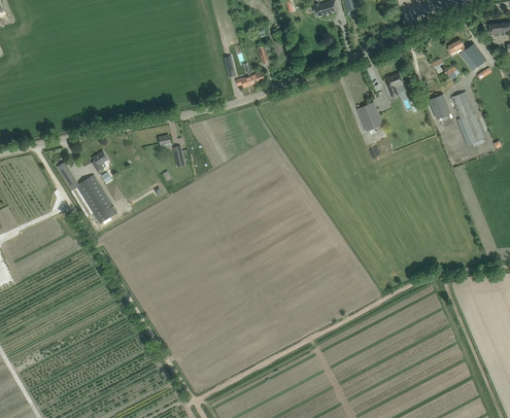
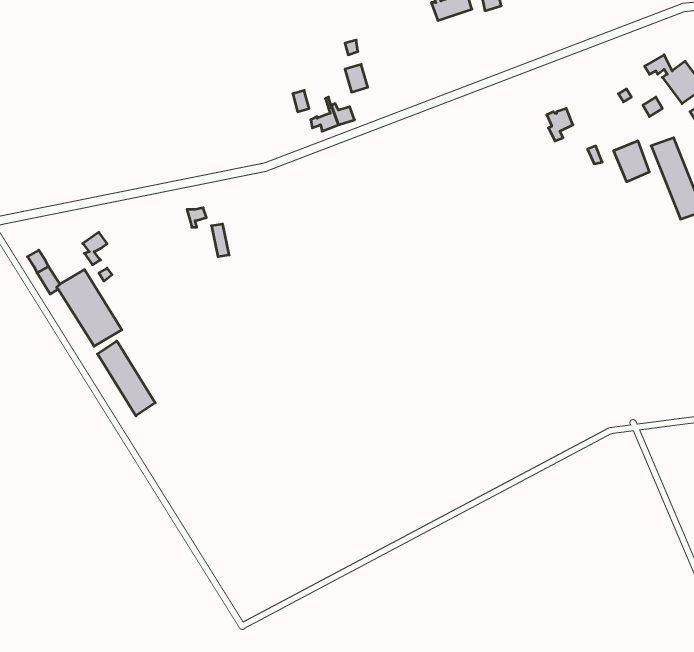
building: [356,102,382,131] -> none
building: none -> [97,341,155,416]

